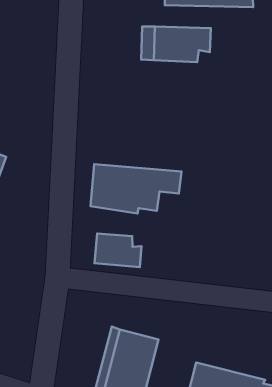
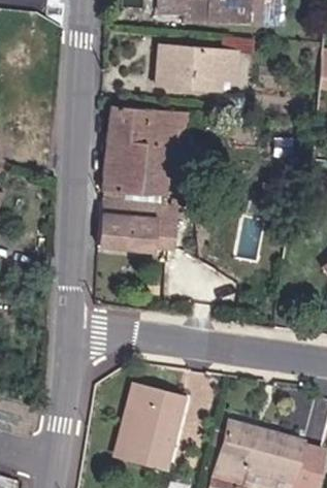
building: none -> [110,106,207,195]
building: [94,234,141,267] -> none

